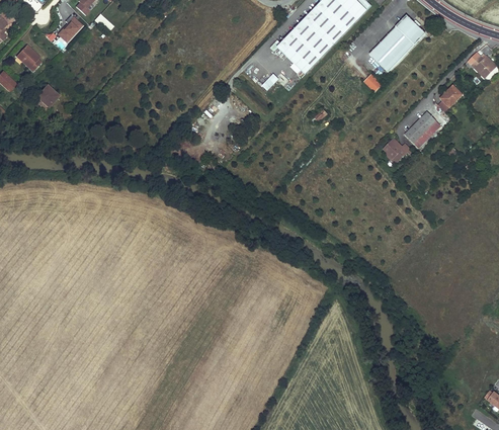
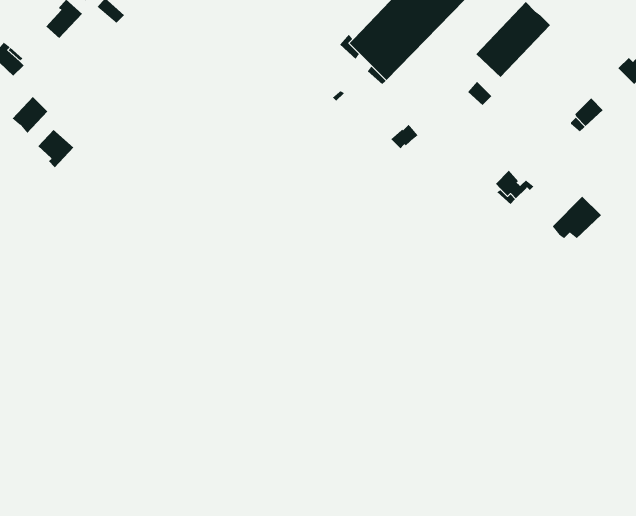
building: none -> [37,129,74,168]
building: [405,110,441,142] -> [552,196,602,239]

